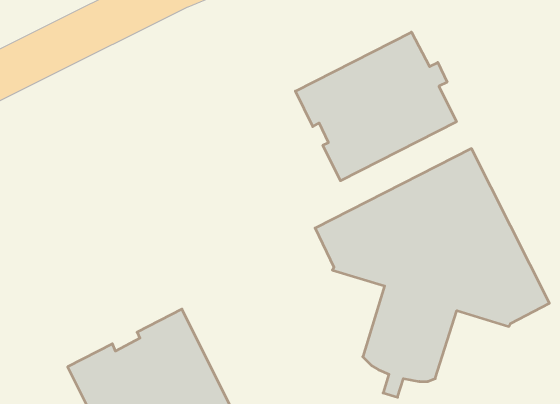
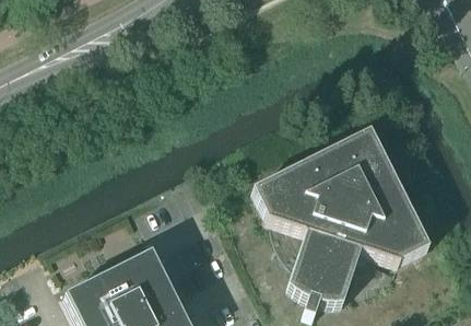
building: [295,32,456,181] -> none

